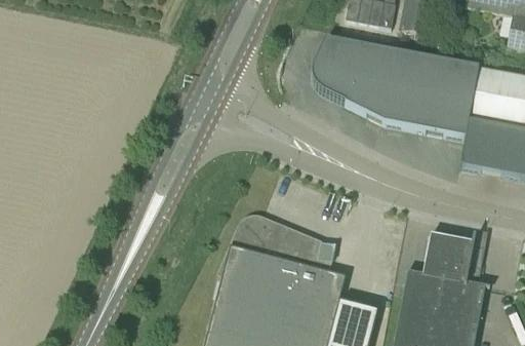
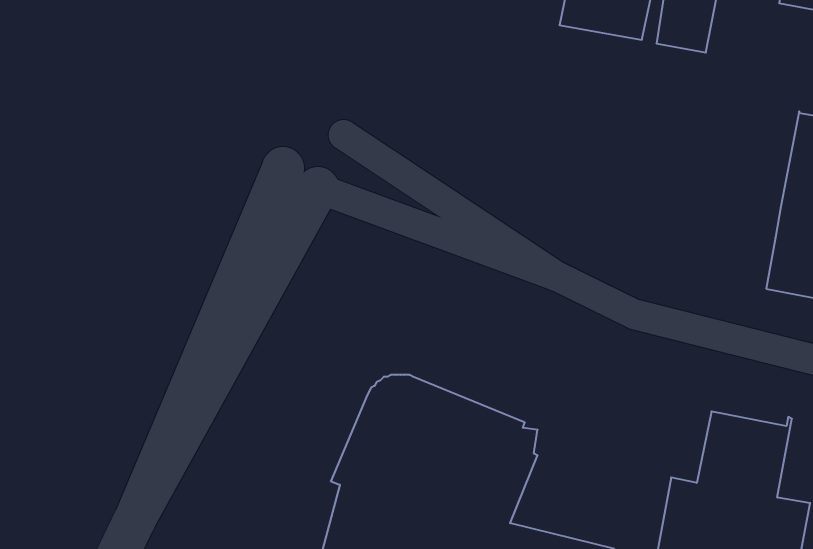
building: [312,35,480,134] -> none

